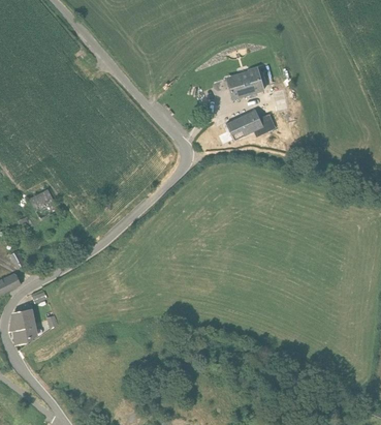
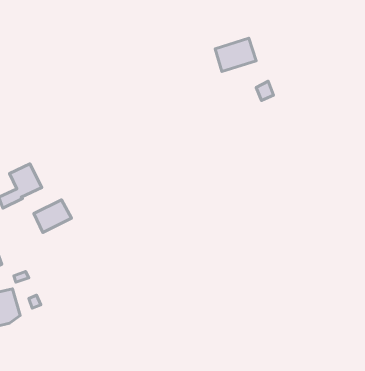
building: [217,111,260,145] -> none
building: none -> [34,200,71,233]

